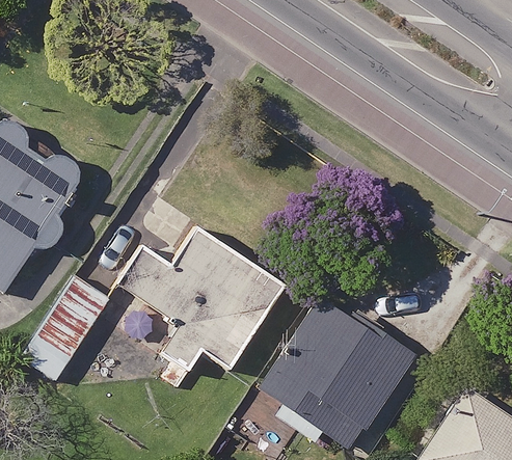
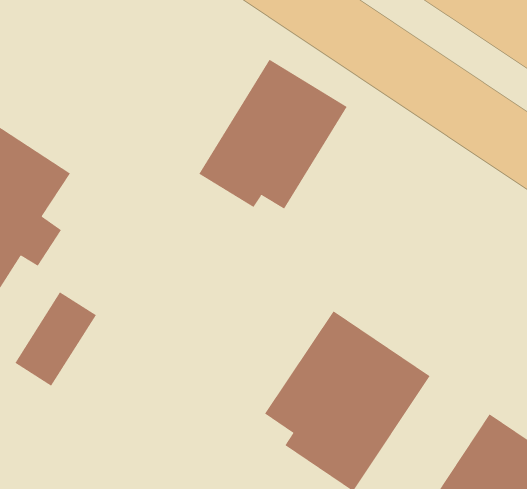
building: none -> [198,59,347,210]
building: [122,231,282,370] -> none

